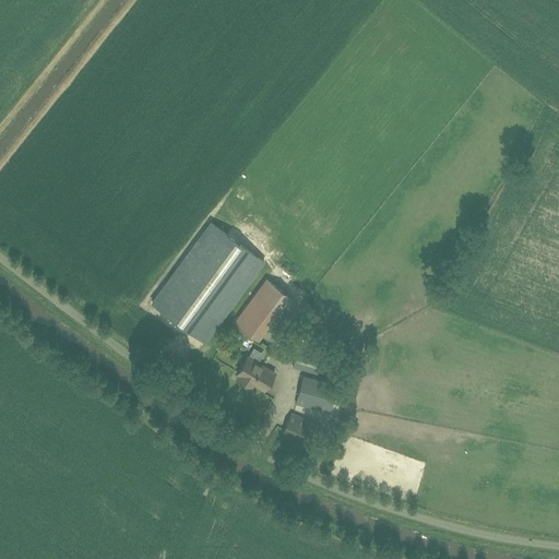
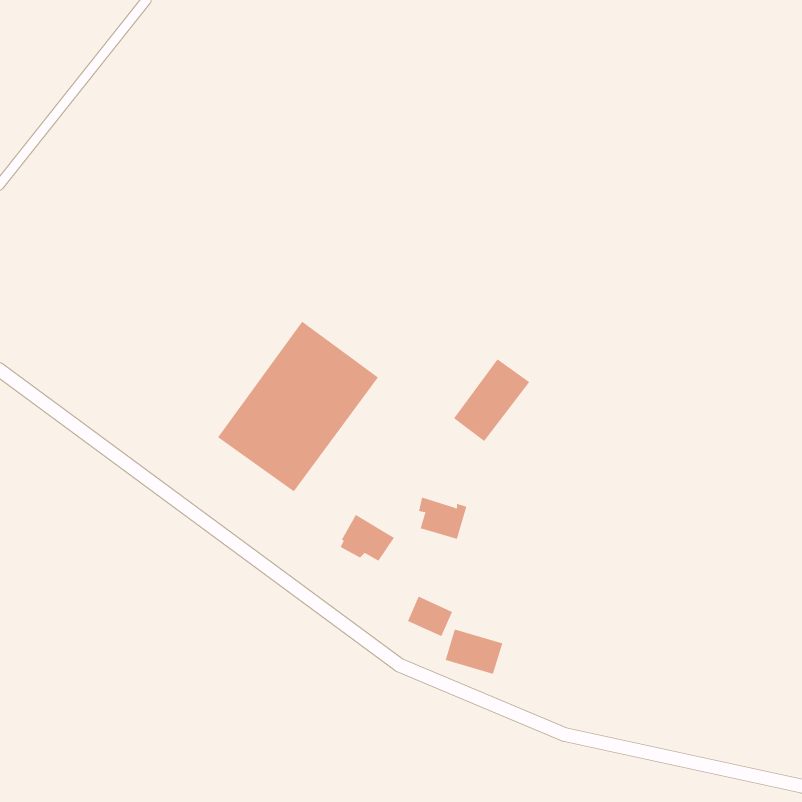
building: [235,282,288,340] -> [453,359,530,442]
building: [295,383,335,415] -> [445,629,503,674]

